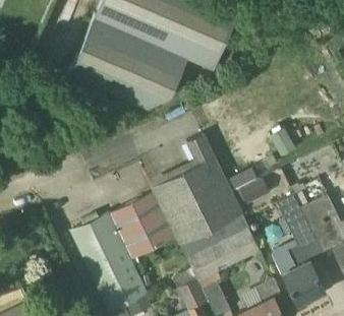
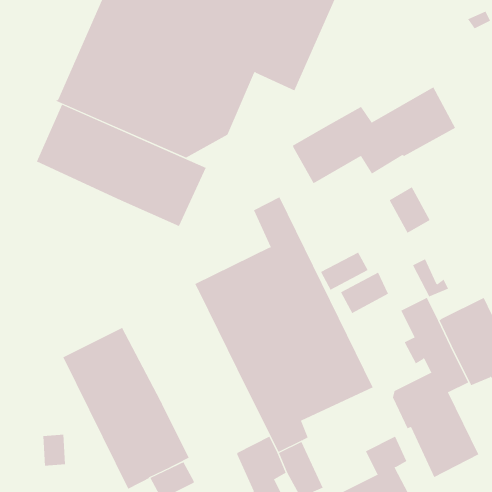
building: none -> [293,87,456,184]
building: none -> [36,104,206,227]
building: [108,190,177,259] -> none

